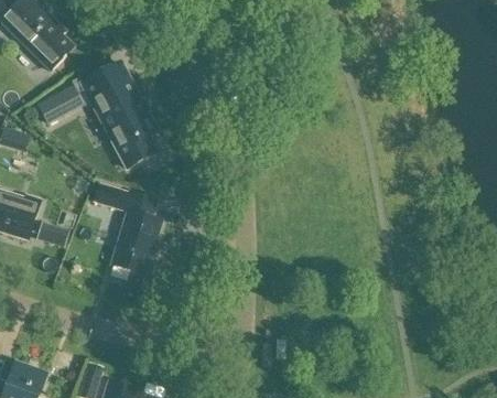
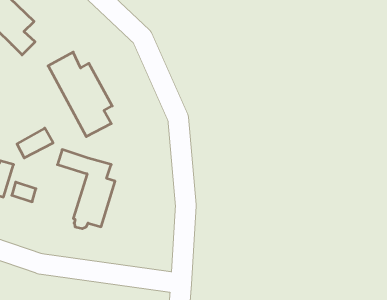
building: [39,85,82,120] -> [17,128,53,158]

